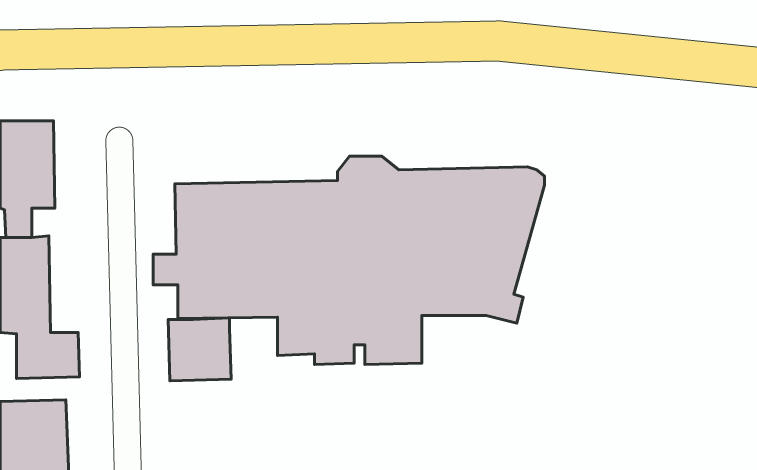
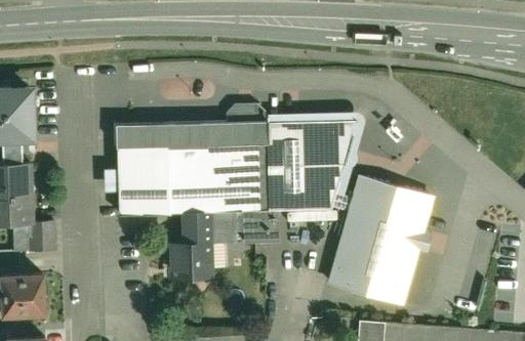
building: none -> [325,174,435,308]
building: [168,318,231,381] -> [169,238,211,280]

